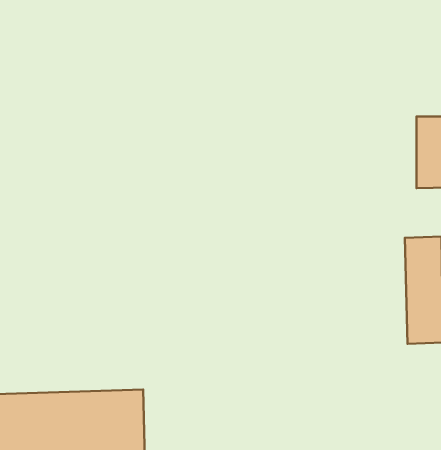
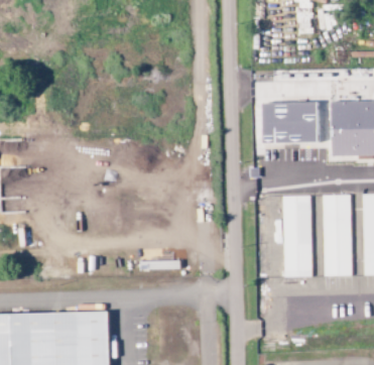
building: none -> [255,102,319,144]
building: none -> [282,195,311,276]

